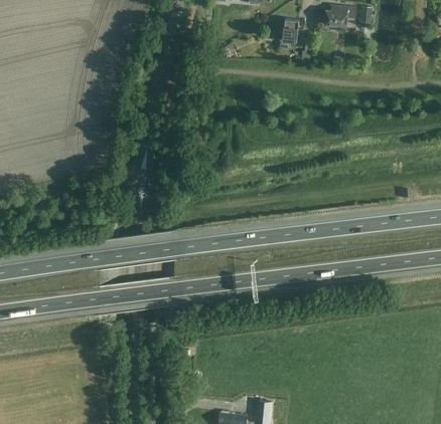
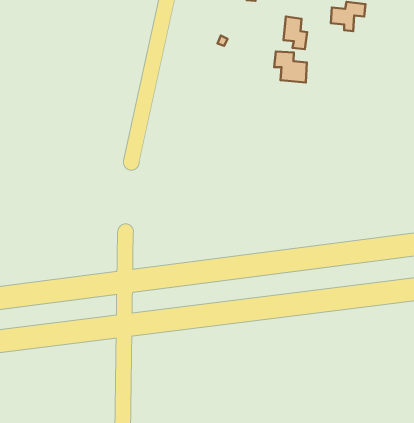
building: none -> [274,52,307,82]

